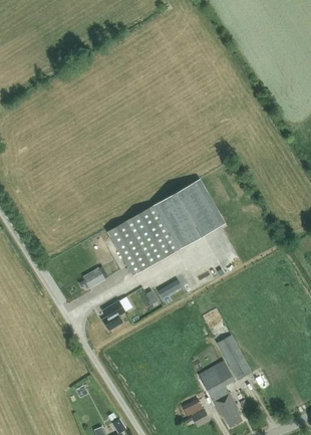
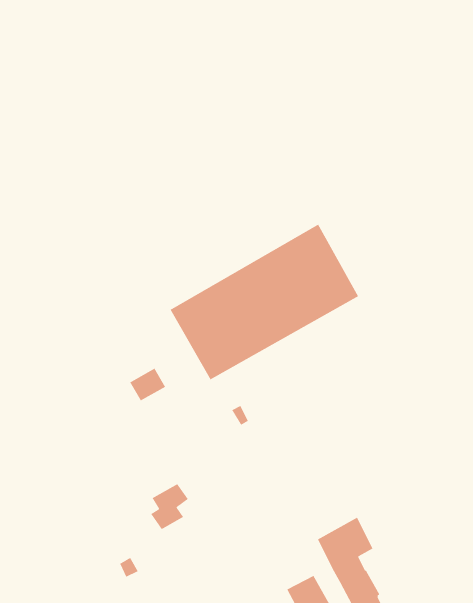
building: [102,300,126,330] -> [150,483,189,530]
building: [217,335,251,380] -> none

